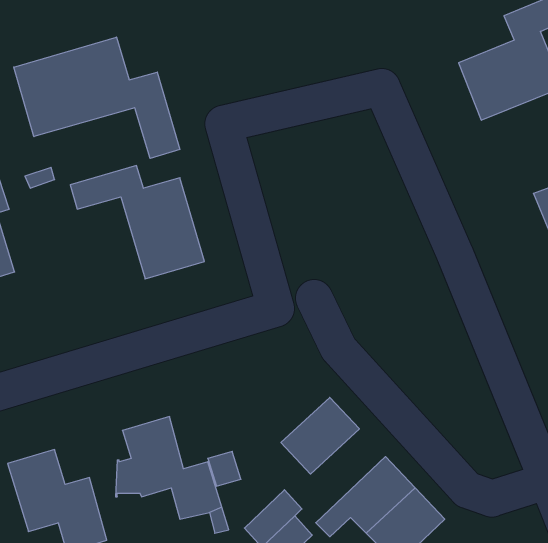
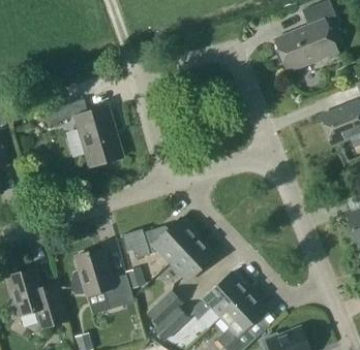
building: [14,37,180,158] -> none
building: none -> [121,218,198,263]

